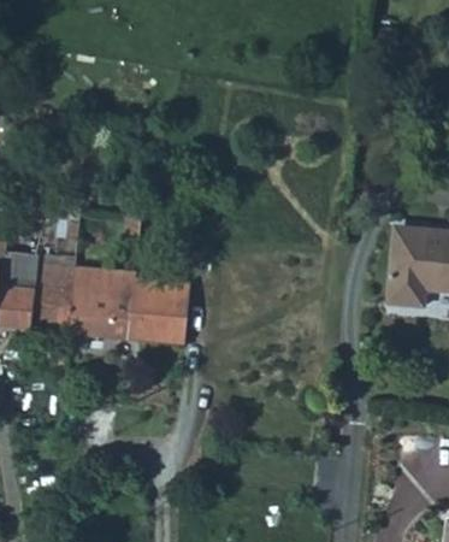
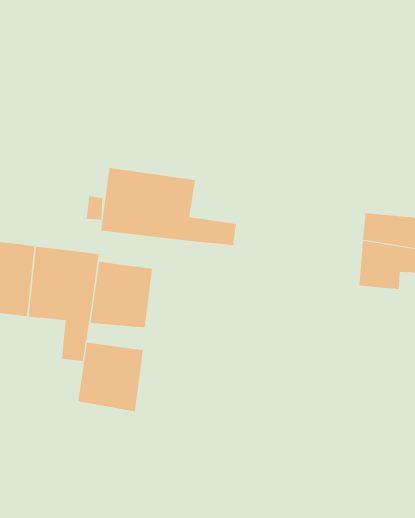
building: none -> [101,167,237,246]
building: none -> [78,342,144,412]

